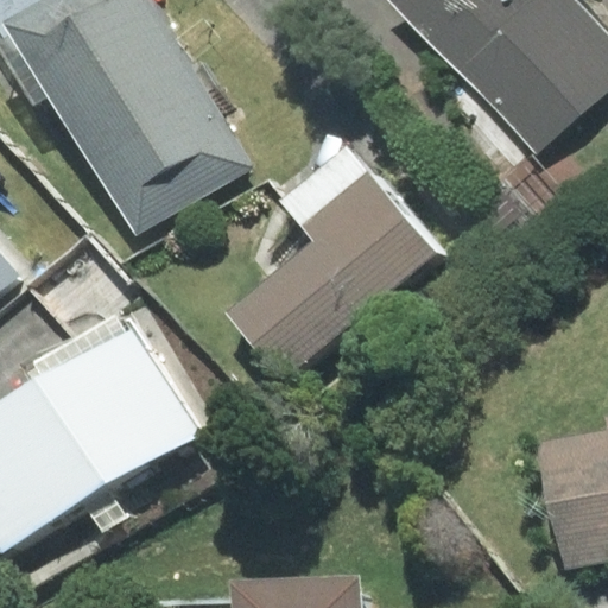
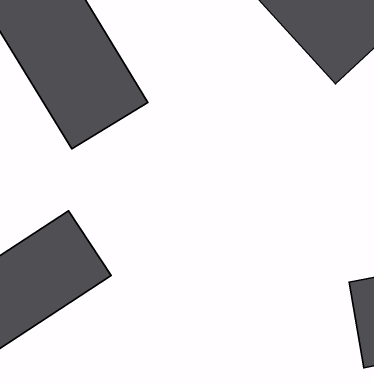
building: [223,176,439,388] -> none

